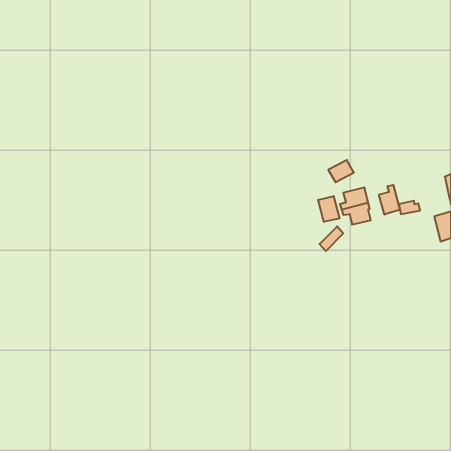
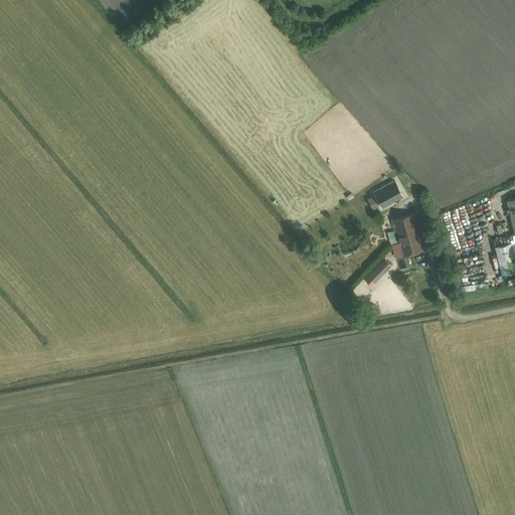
building: [379,185,400,215] -> none
building: [318,196,340,222] -> none

